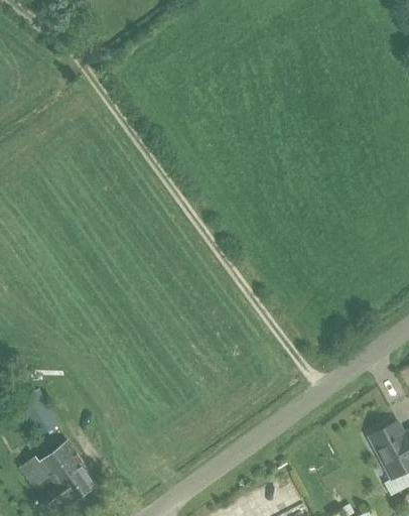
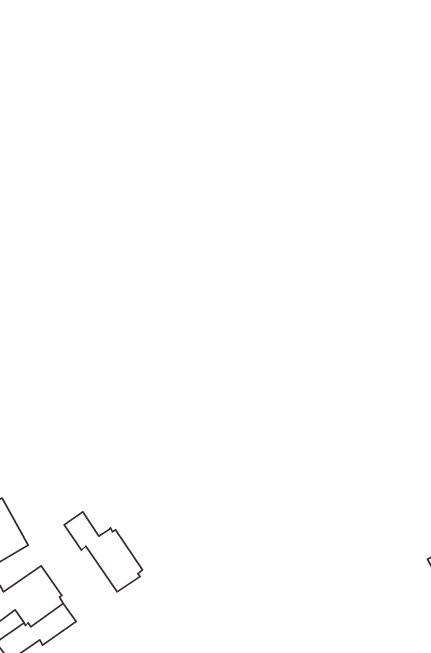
building: none -> [64,512,142,592]

